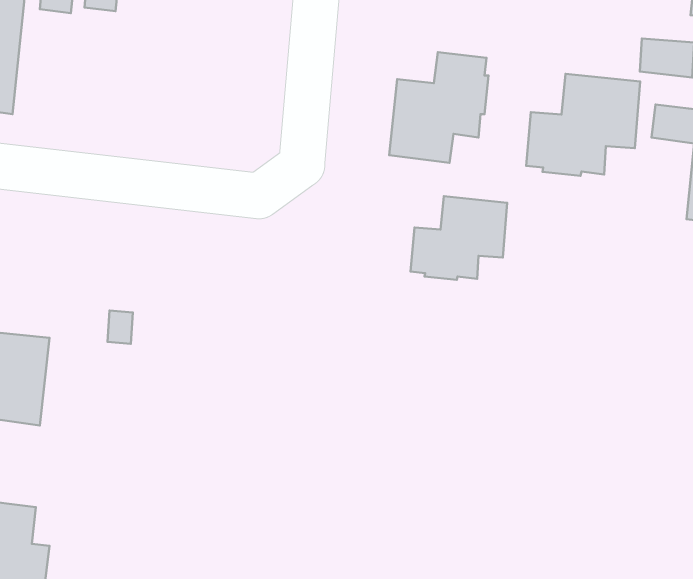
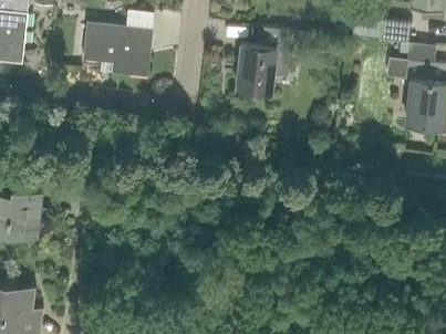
building: none -> [82,22,152,79]
building: [526,74,640,176] -> none
building: [411,196,507,280] -> none

